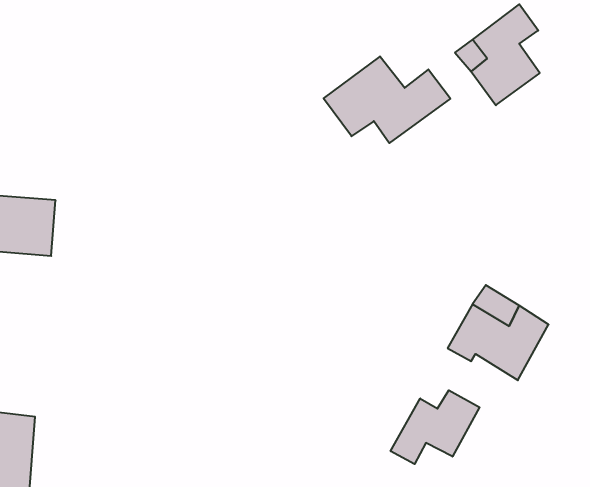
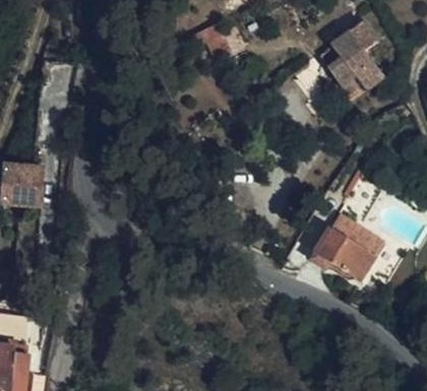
building: [324,56,450,143] -> none
building: [391,390,480,464] -> none

